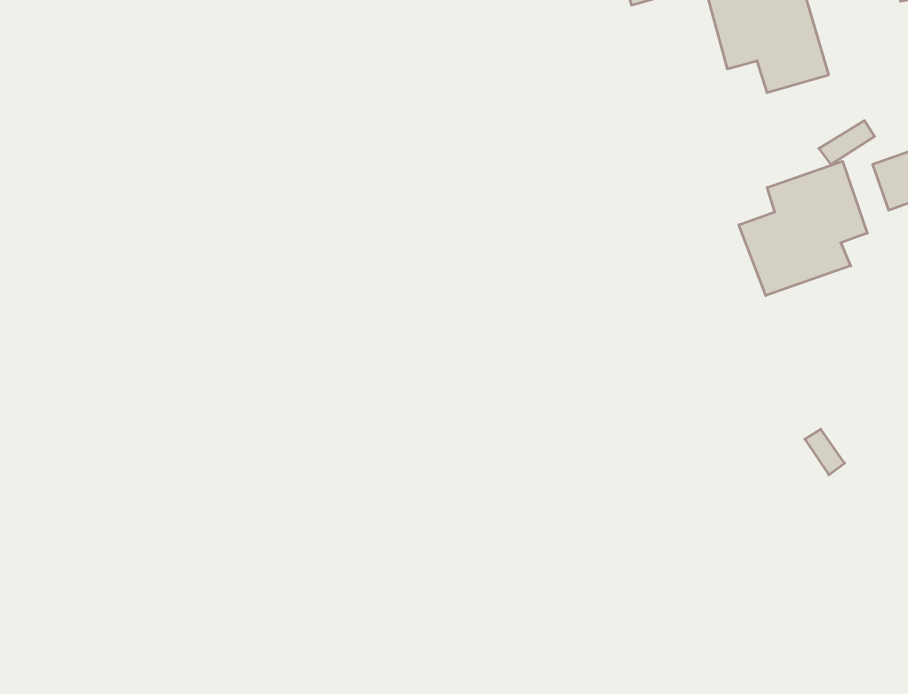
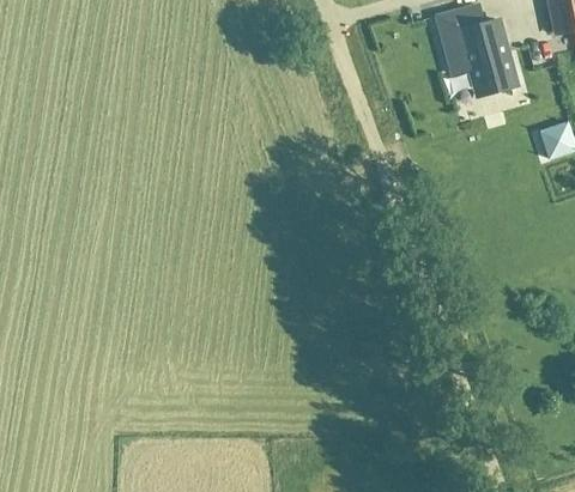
building: [739,161,867,296] -> none

